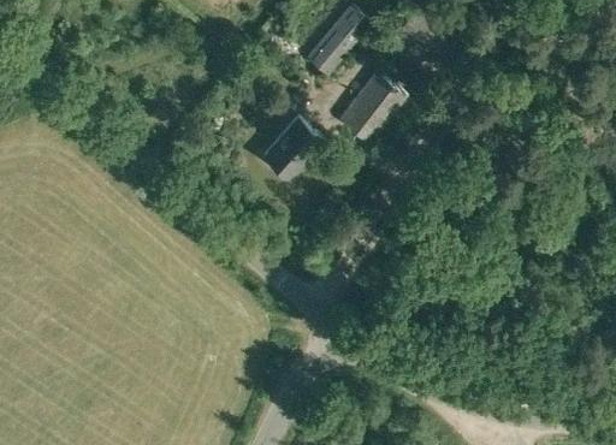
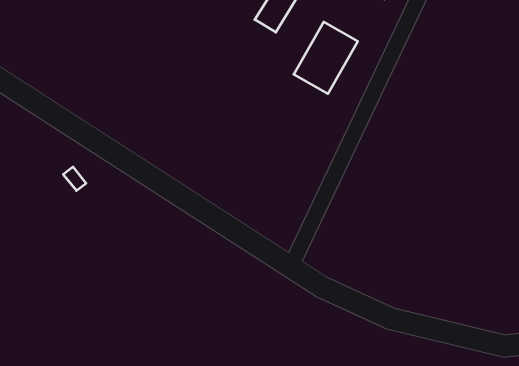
building: [262,115,324,179] -> none

